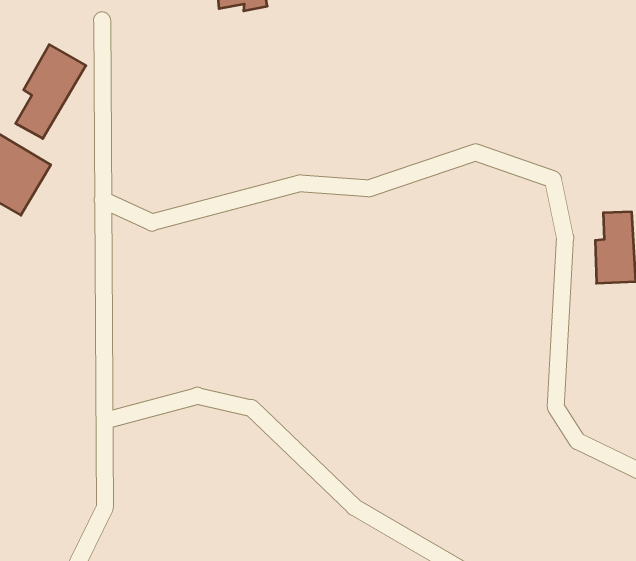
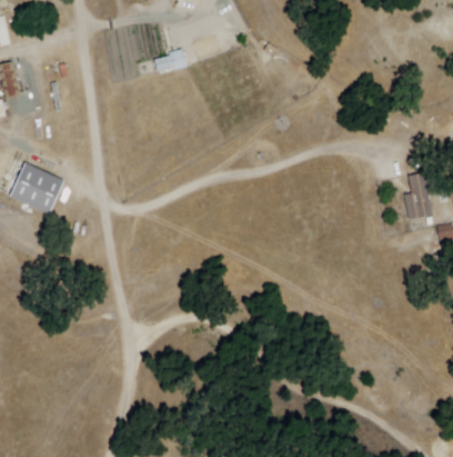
building: [16,45,86,139] -> none

